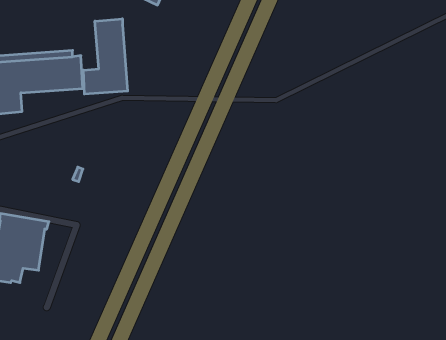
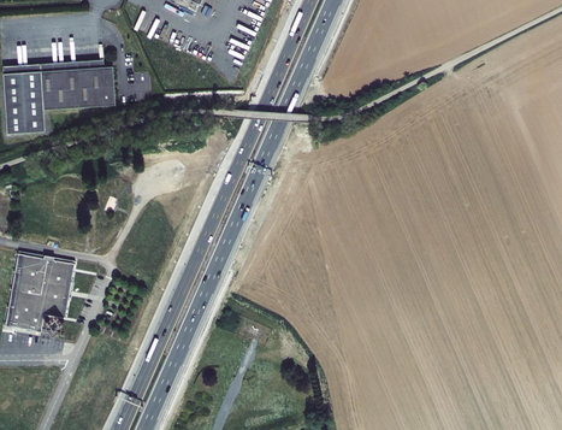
building: [83,19,128,94] -> none

